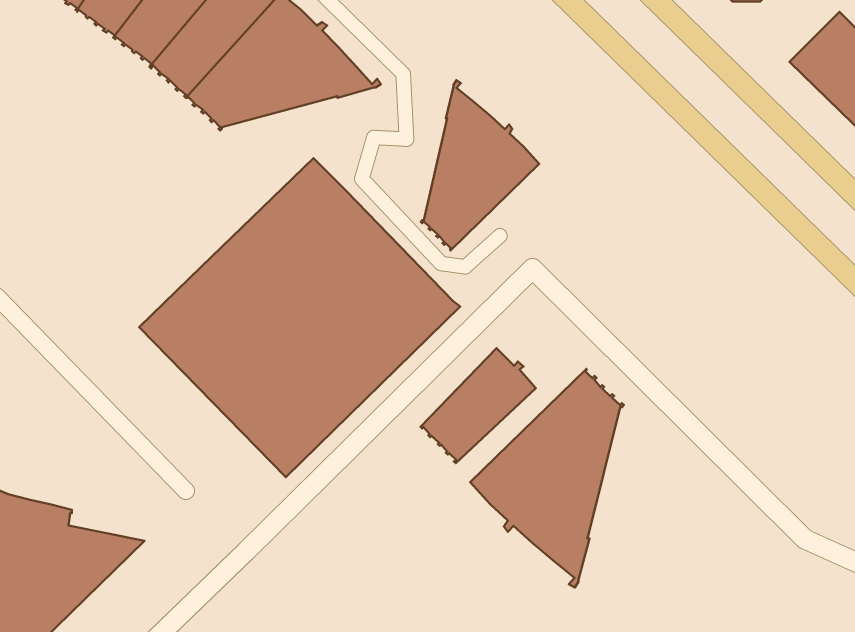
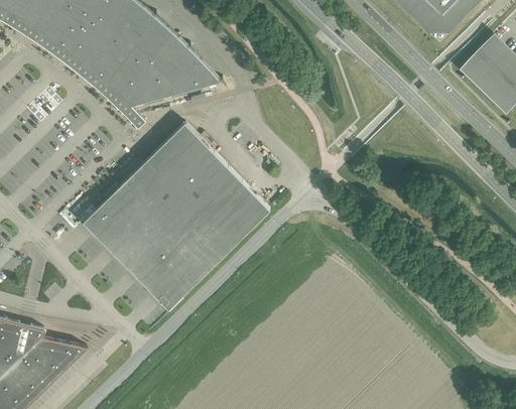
building: [421,80,539,250] -> none
building: [420,348,536,463] -> none
building: [470,369,624,588] -> none

